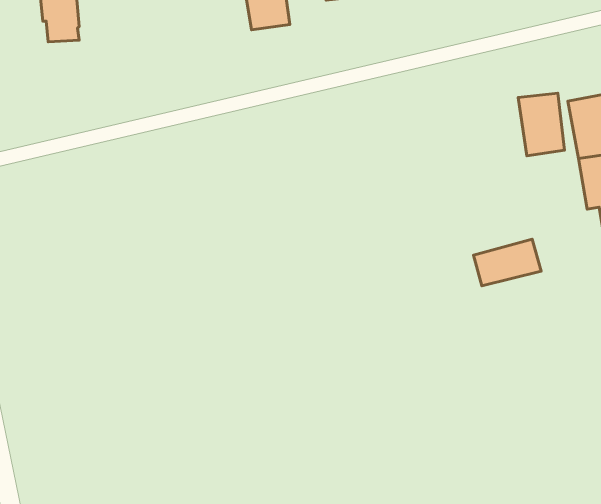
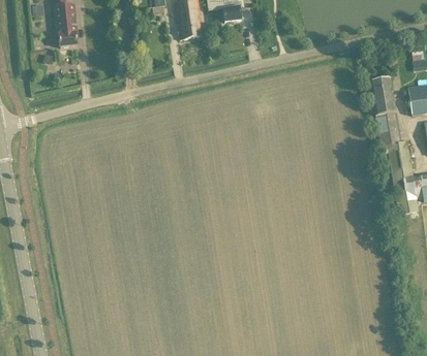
building: [518,93,564,156] -> none
building: [473,239,541,286] -> none

